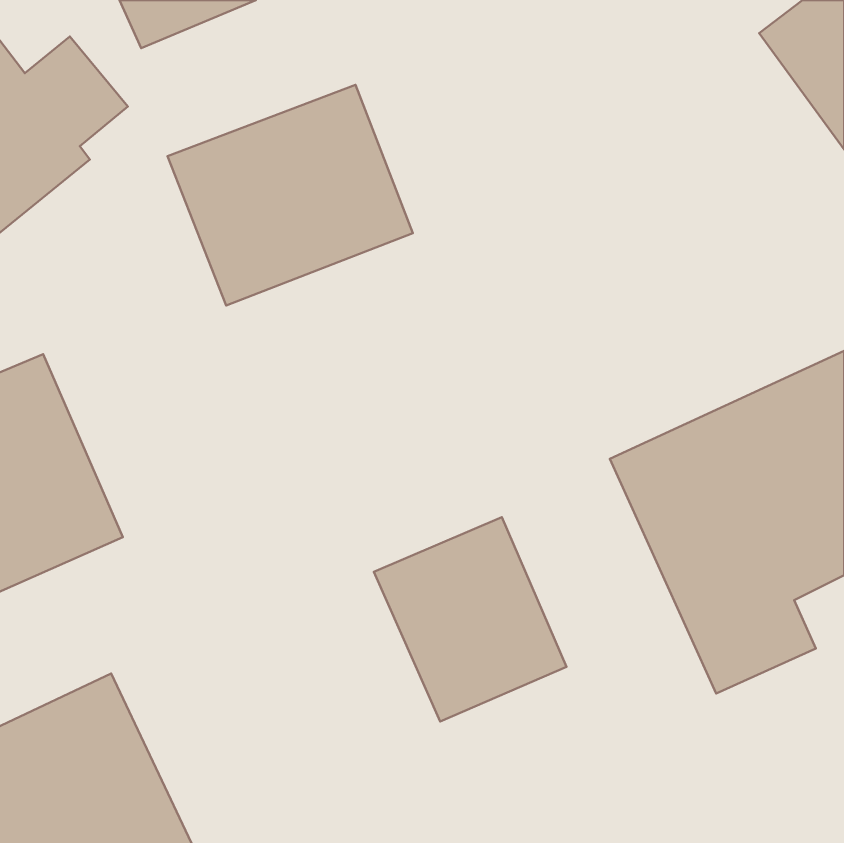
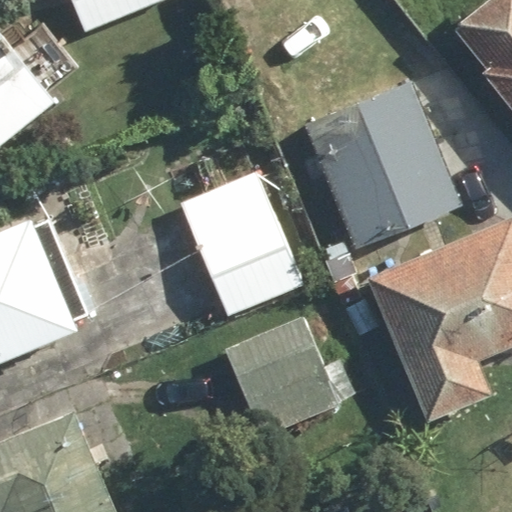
building: [167,85,413,306] -> none
building: none -> [303,80,461,251]
building: none -> [182,172,305,319]

